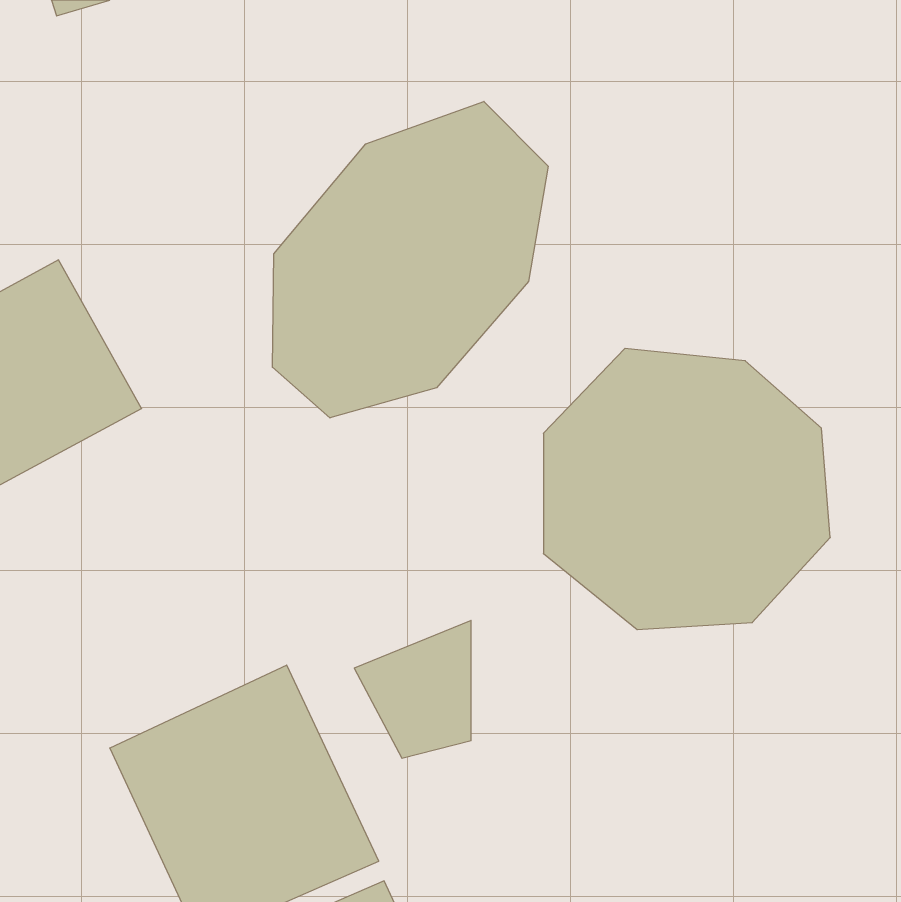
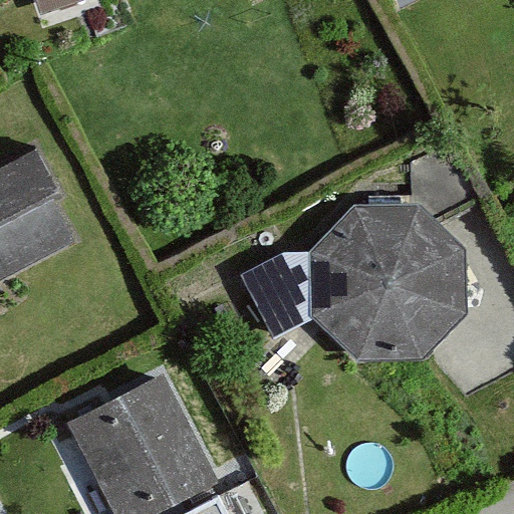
building: [272,101,548,418] -> none
building: [354,620,471,758] -> [242,247,308,325]

